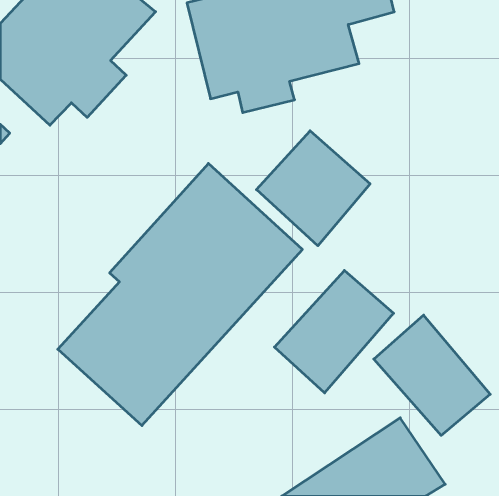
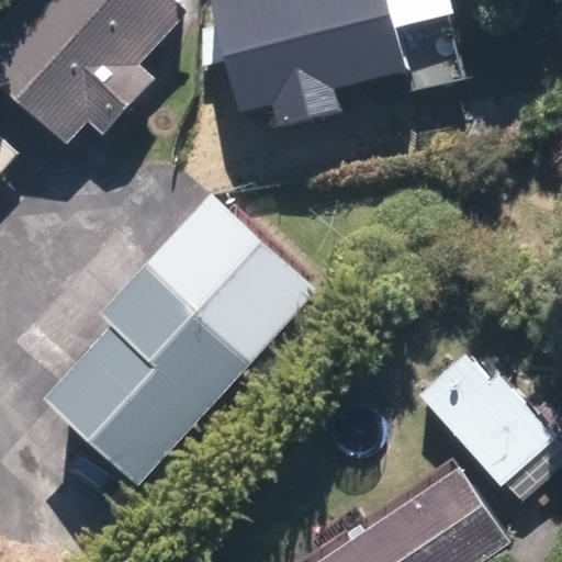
building: [256,131,370,246] -> none
building: [274,270,394,393] -> none

